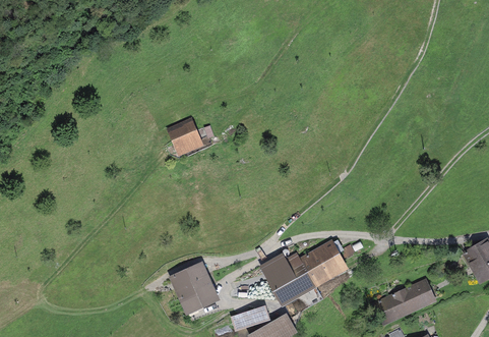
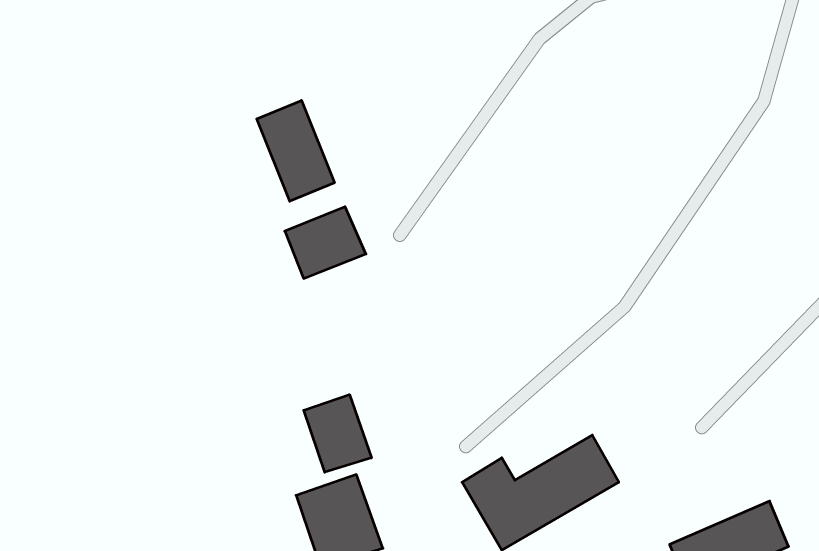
building: none -> [257,100,334,201]
building: none -> [304,395,371,472]

